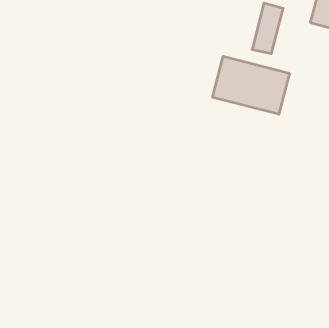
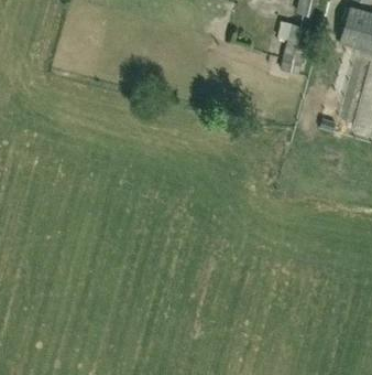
building: [213,56,289,114] -> none

